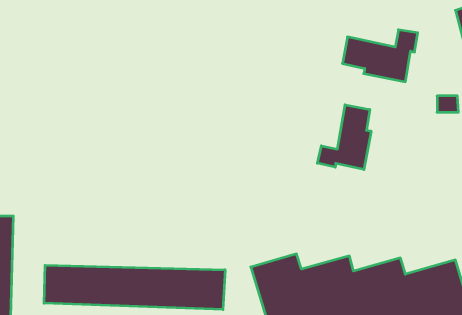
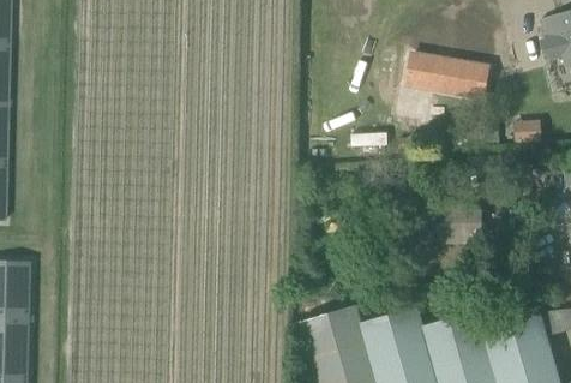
building: [317,105,371,170] -> none
building: [44,265,225,310] -> none

